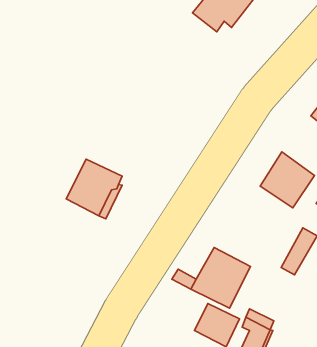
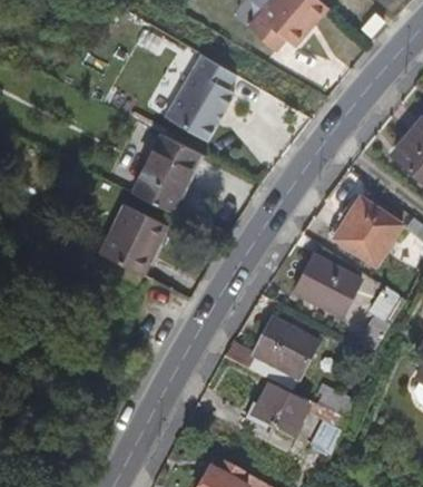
building: none -> [161,57,229,142]
building: none -> [127,137,197,215]
building: none -> [294,250,363,316]

